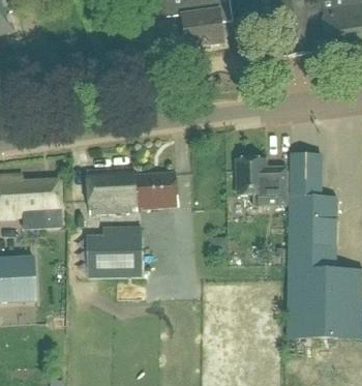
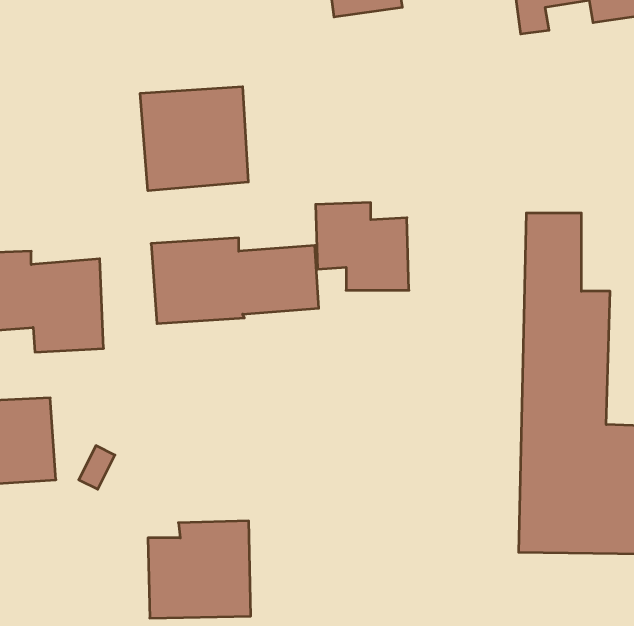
building: none -> [140,87,248,191]
building: [236,157,286,205] -> [316,203,409,290]
building: [85,224,141,276] -> [148,521,251,618]

